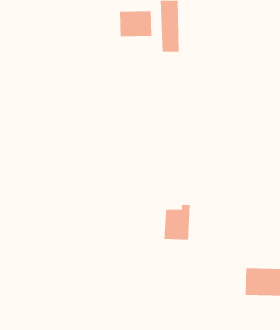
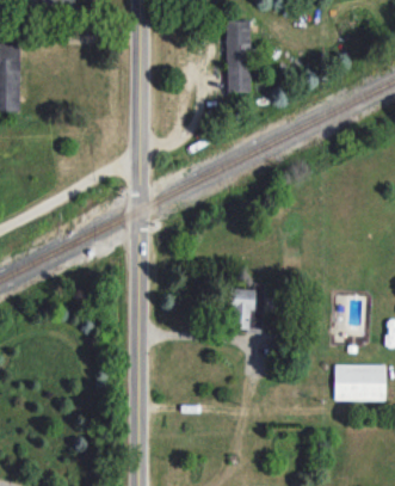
building: [119,11,152,37] -> none

